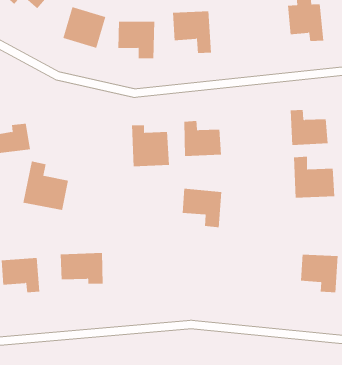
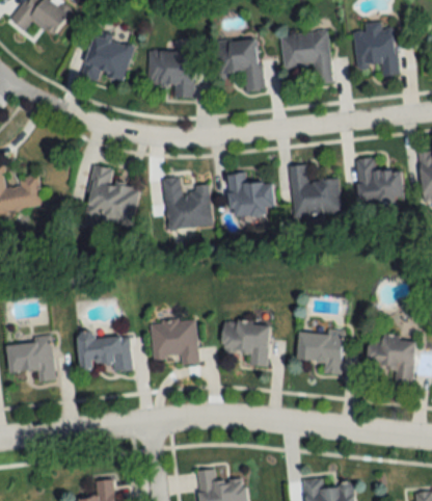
building: none -> [279,31,331,83]
building: [293,156,335,198] -> [290,165,341,216]
building: [23,161,69,210] -> [83,165,139,226]
building: [182,188,222,228] -> [221,319,270,367]
building: none -> [151,319,198,364]
building: none -> [298,331,342,373]

